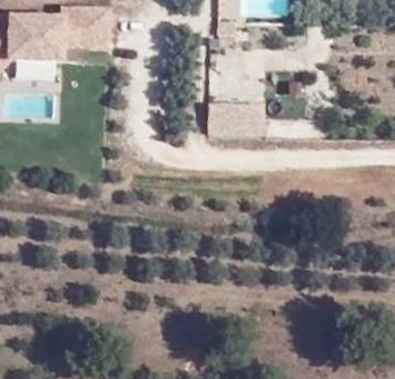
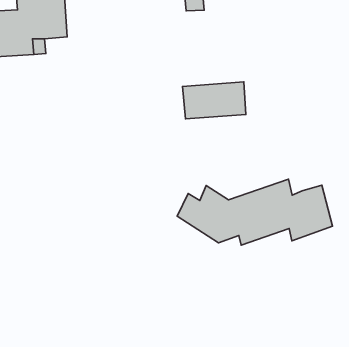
building: none -> [177,179,333,245]

